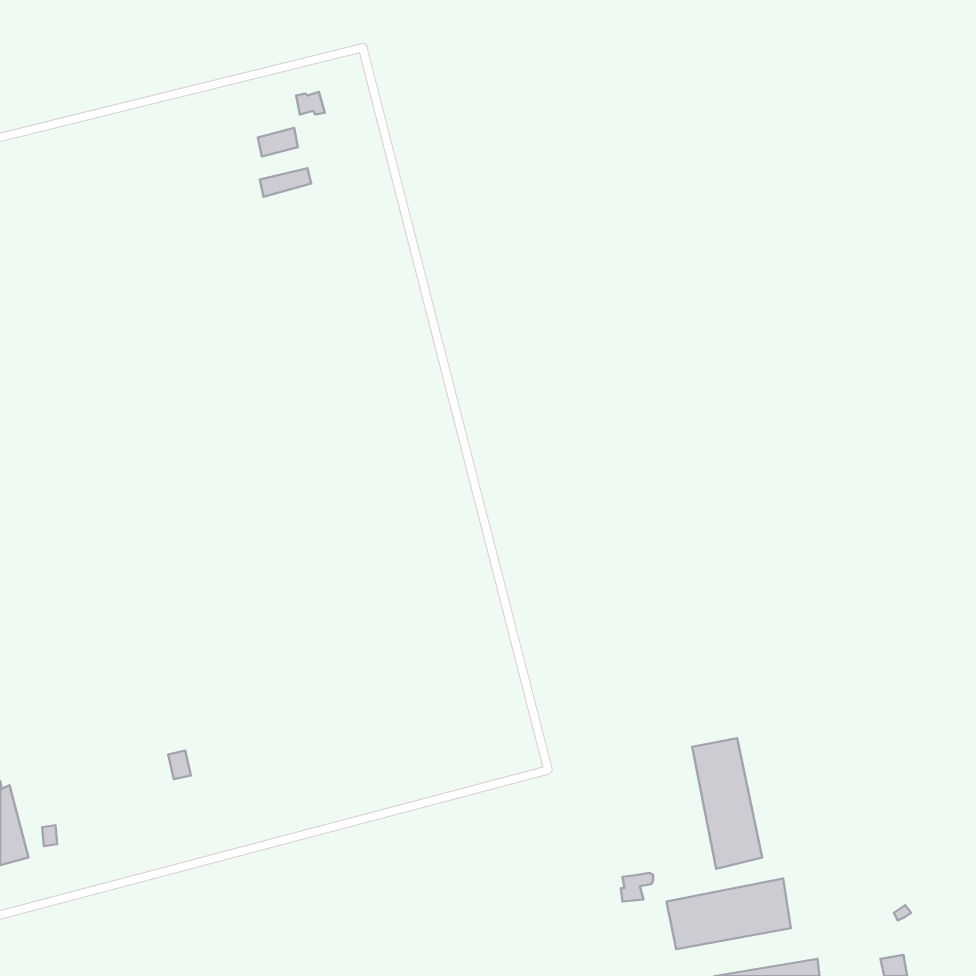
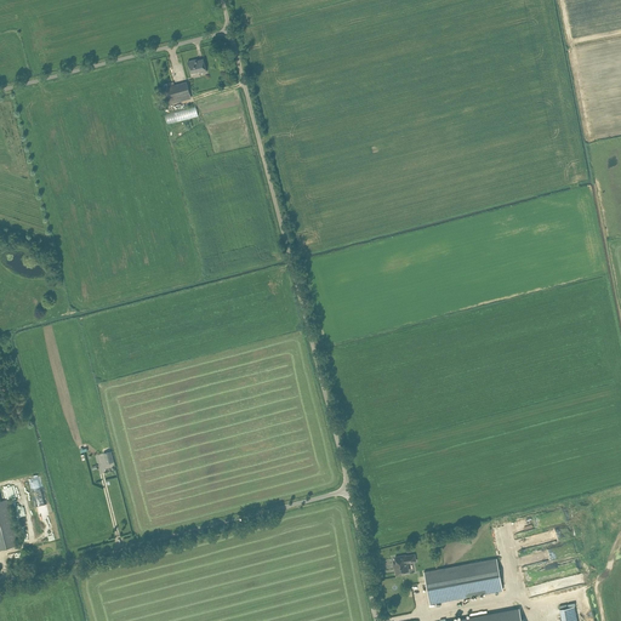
building: [692,738,762,869] -> none

